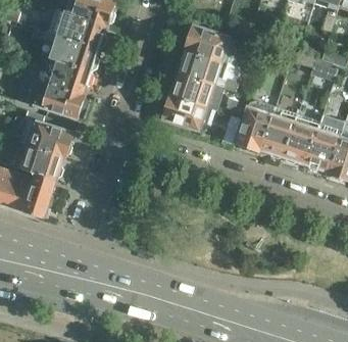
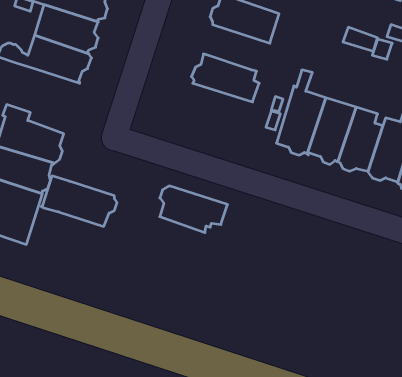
building: [179,50,238,91] -> none
building: [28,80,86,118] -> [41,176,117,226]
building: [163,95,215,131] -> [160,186,228,233]

